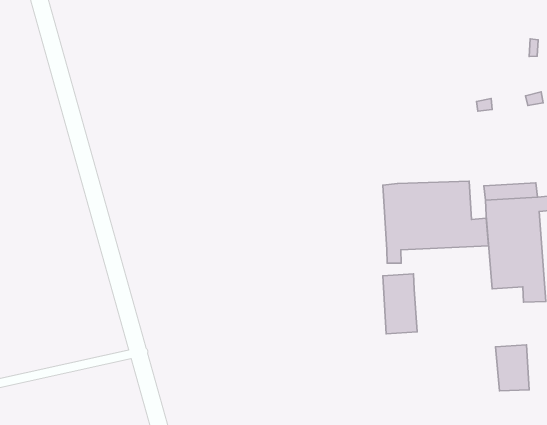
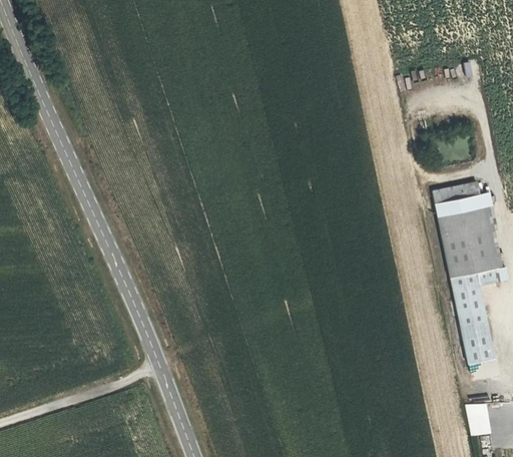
building: [383,181,488,263] -> none
building: [383,274,417,334] -> [451,272,486,326]

